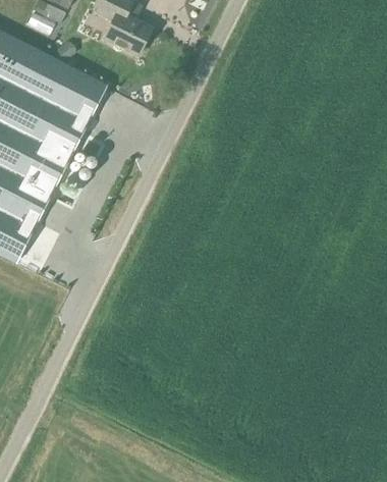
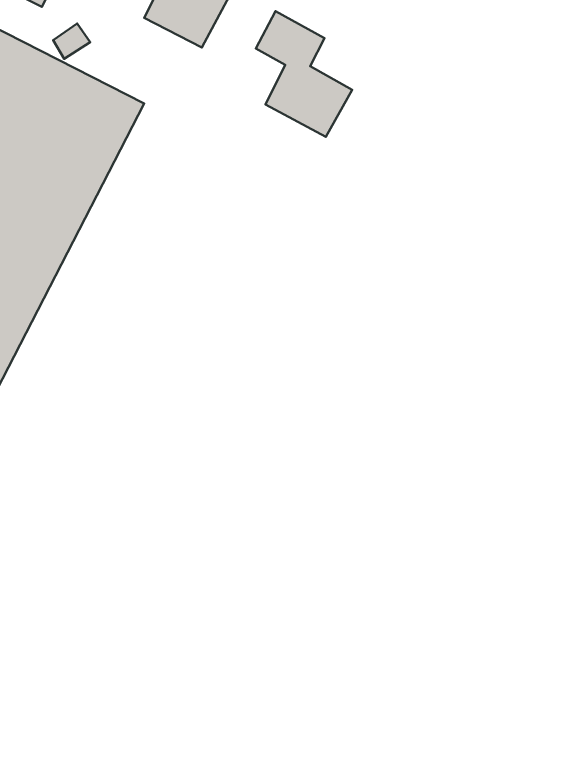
building: none -> [256,11,352,137]

